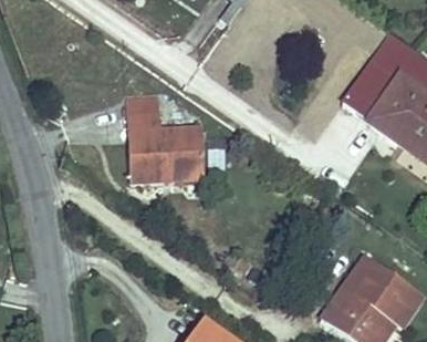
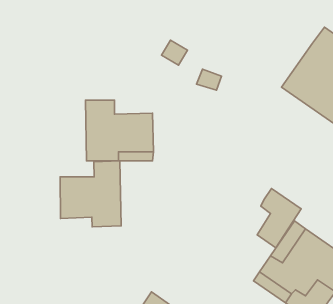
building: none -> [60,161,121,227]
building: none -> [257,189,301,248]

